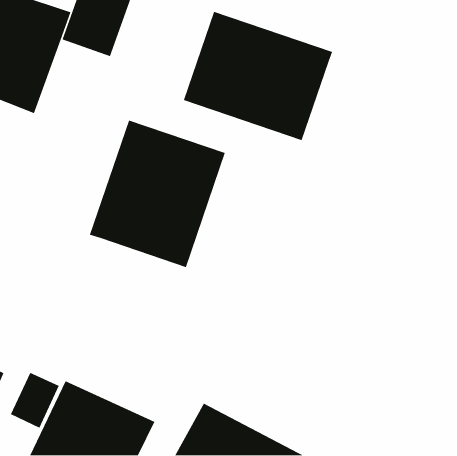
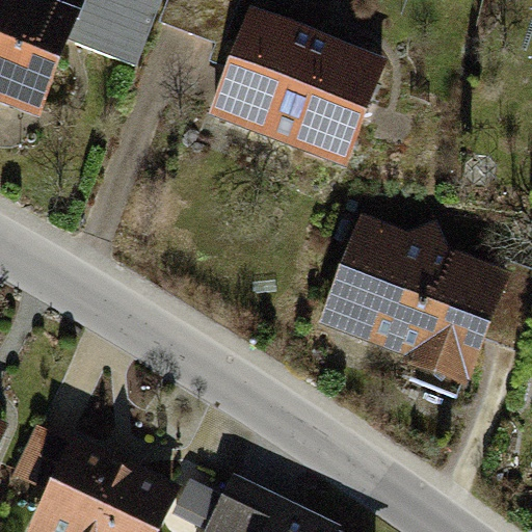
building: [89,119,226,268] -> none
building: none -> [312,221,504,399]

